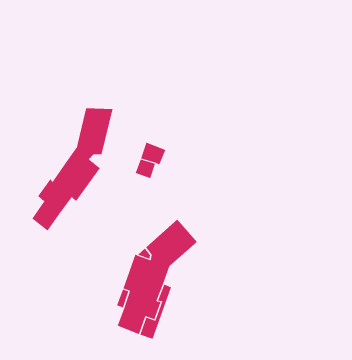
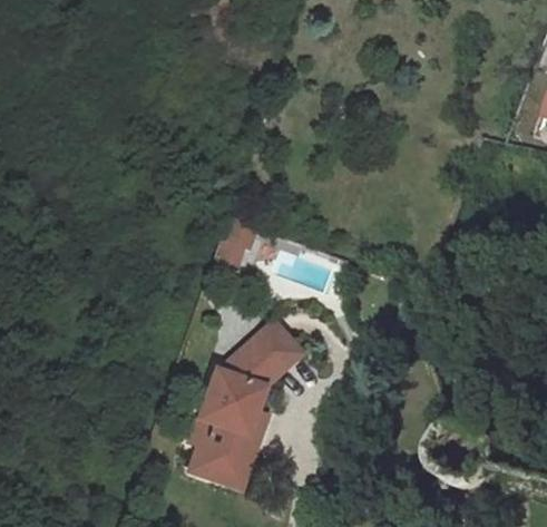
building: [31,107,113,232] -> none

